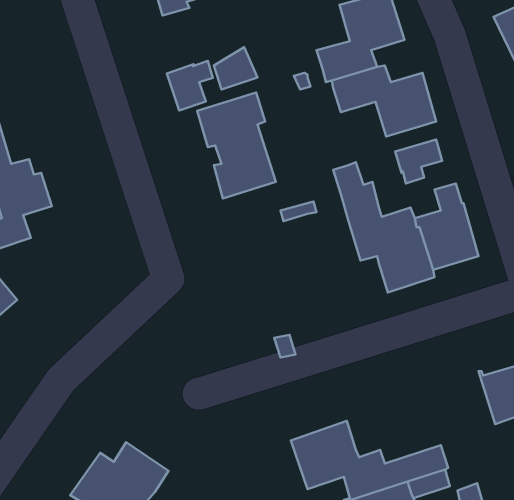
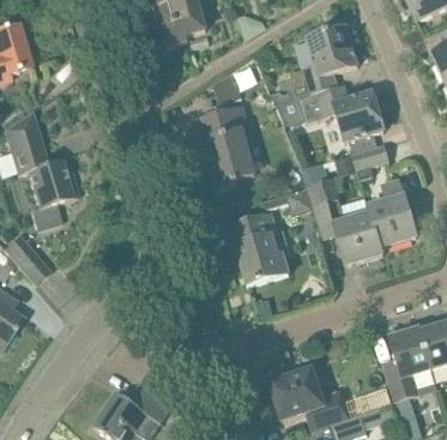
building: [167,61,213,111] -> none
building: none -> [225,212,289,285]
building: none -> [382,327,436,400]

